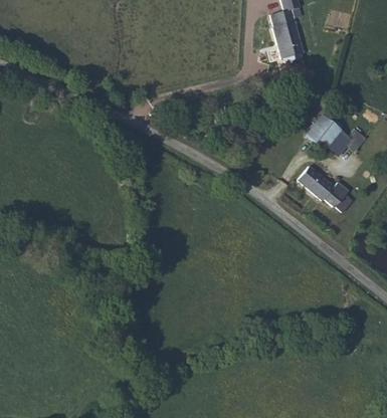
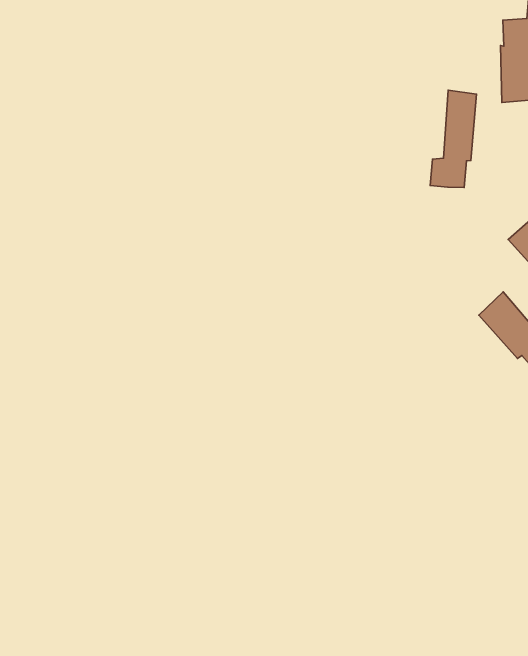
building: none -> [430,90,476,188]

